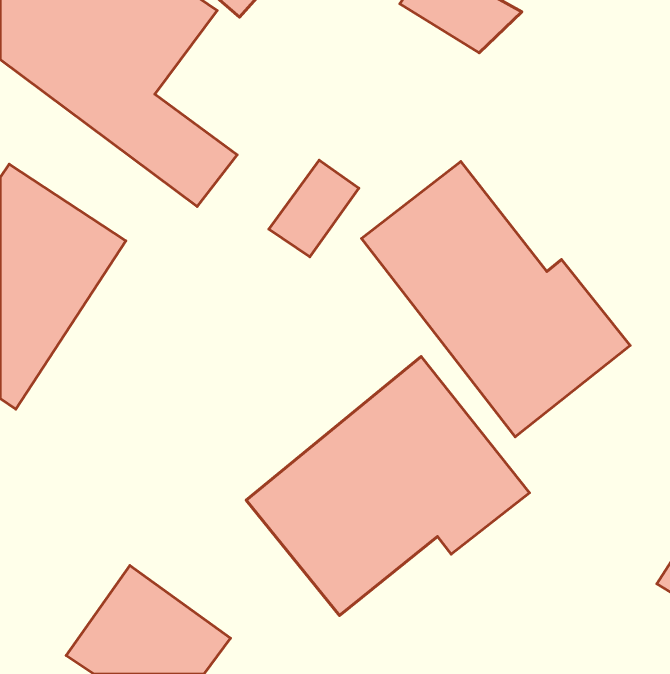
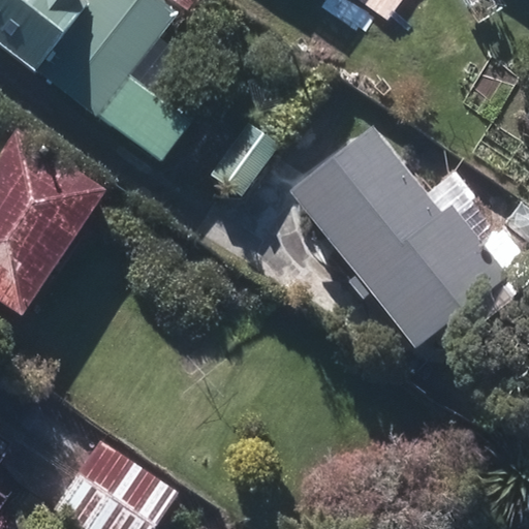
building: [246,357,529,616] -> none

